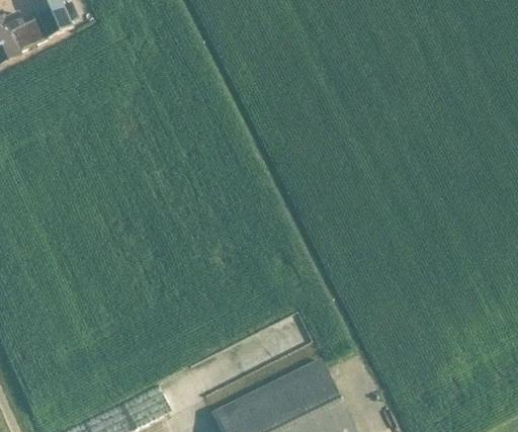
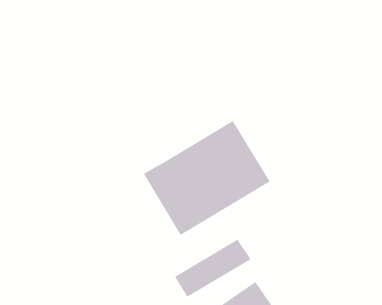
building: none -> [143,120,271,236]

